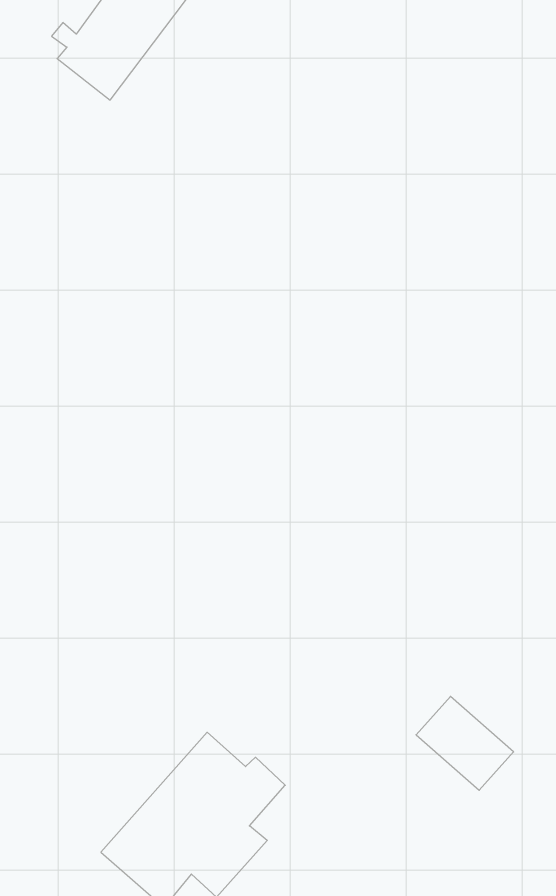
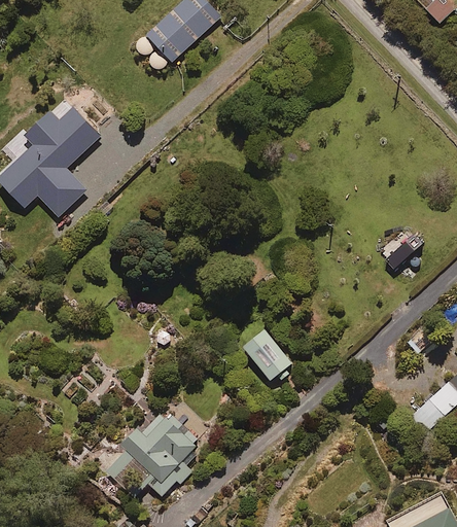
building: [416,696,514,790] -> [242,329,292,382]

